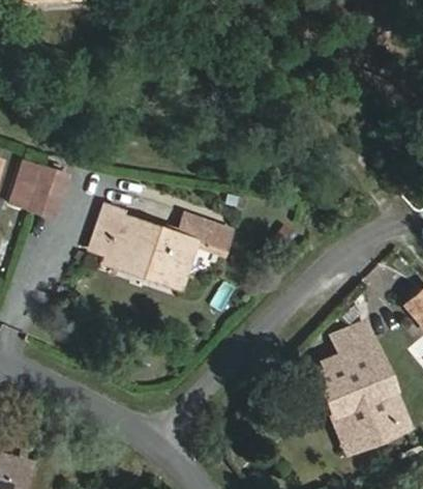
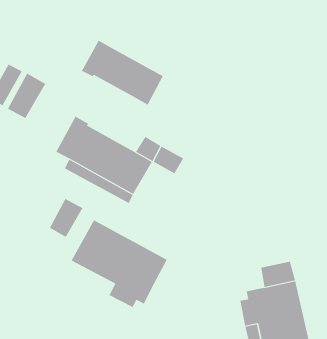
building: none -> [81,40,164,105]
building: none -> [49,198,83,238]
building: none -> [71,219,168,308]

